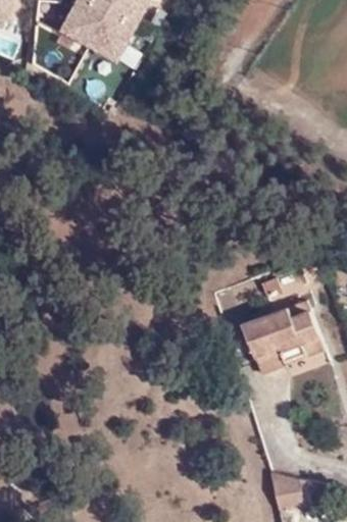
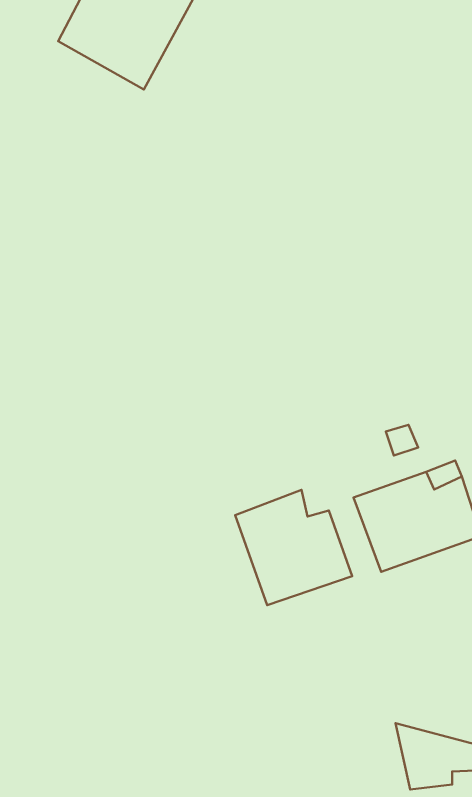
building: none -> [235,490,352,605]

